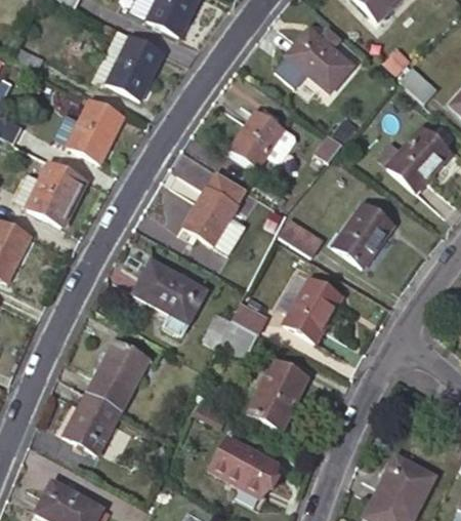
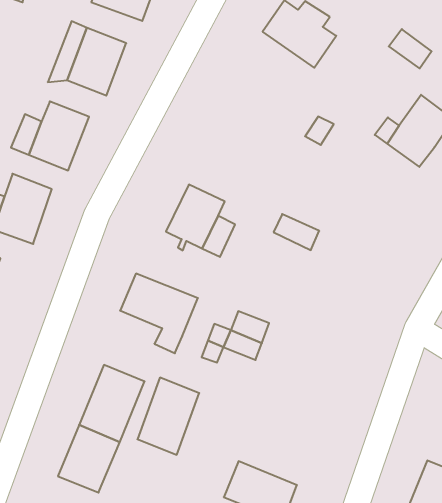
building: [233,110,286,167] -> none
building: [334,203,393,267] -> none
building: [285,277,341,340] -> none
building: [249,359,308,430] -> [137,378,199,455]

